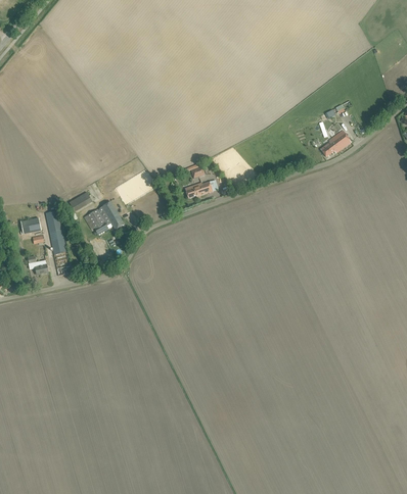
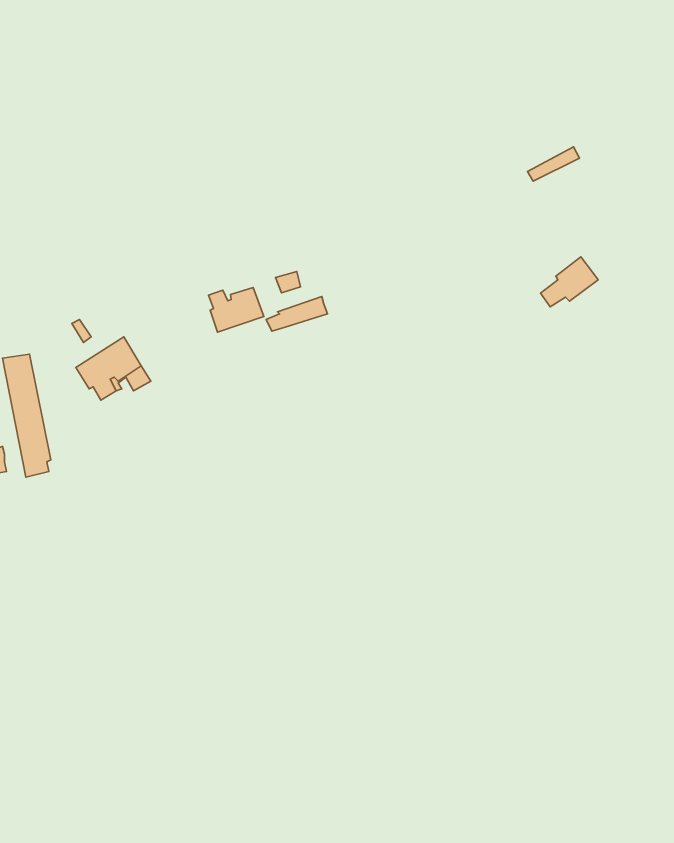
building: [319,129,350,155] -> [541,257,598,307]
building: none -> [208,287,264,332]

